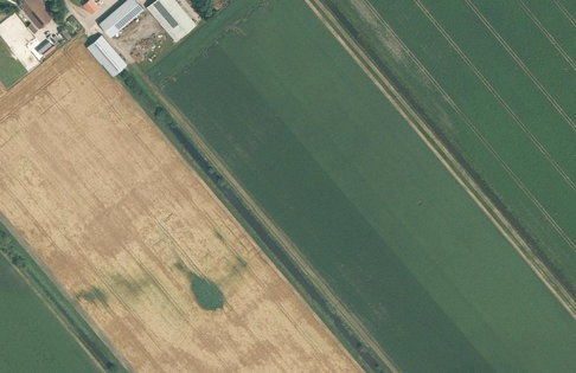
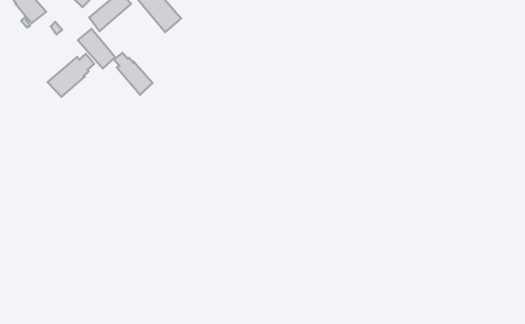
building: none -> [114,53,152,95]
building: none -> [47,54,94,97]

